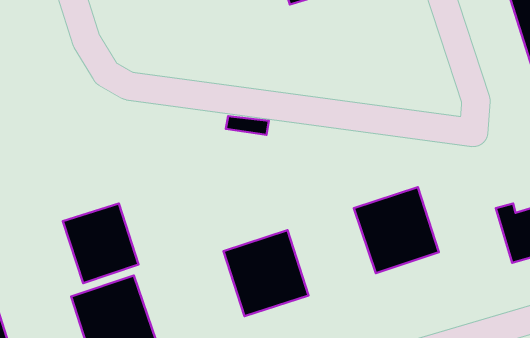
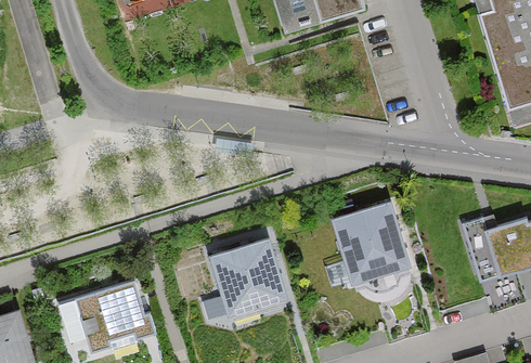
building: [63,203,139,283] -> none

